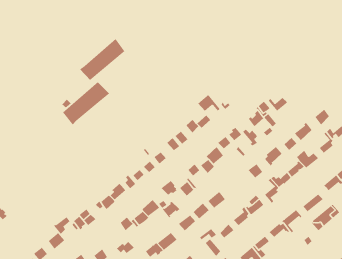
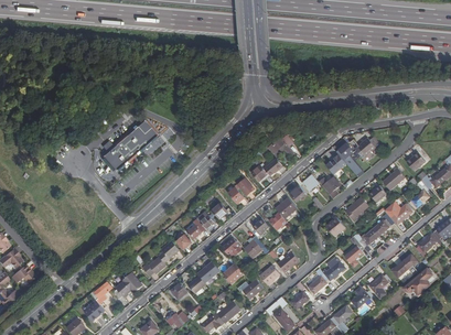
building: [79,38,125,81] -> none

